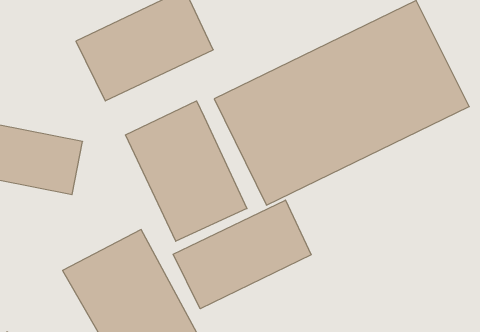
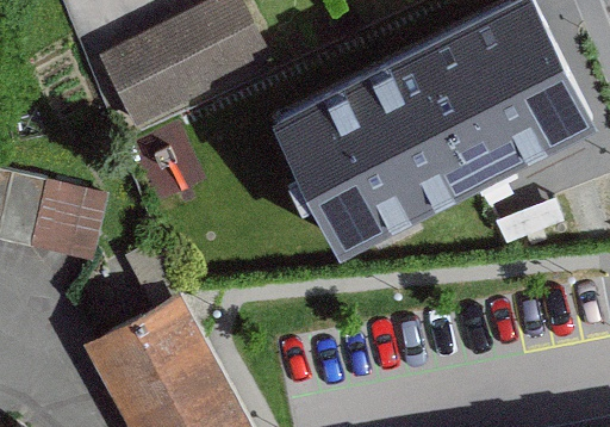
building: [125,101,247,241] -> none
building: [173,200,311,309] -> none

